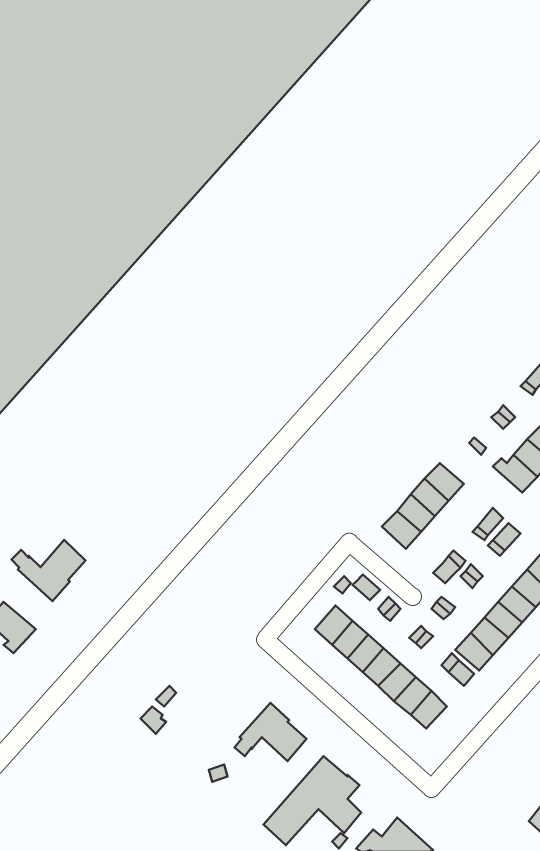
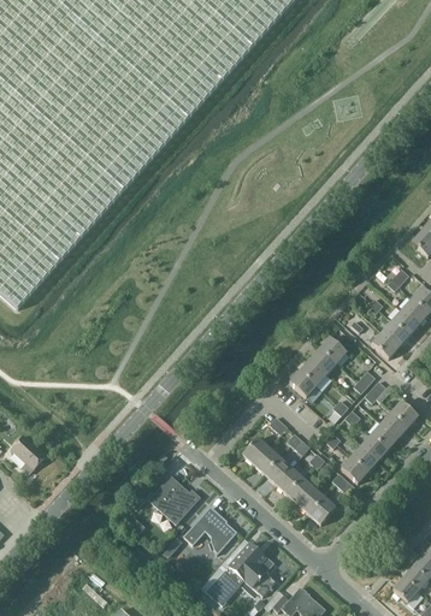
building: [12,540,86,601] -> none
building: none -> [158,476,200,525]

